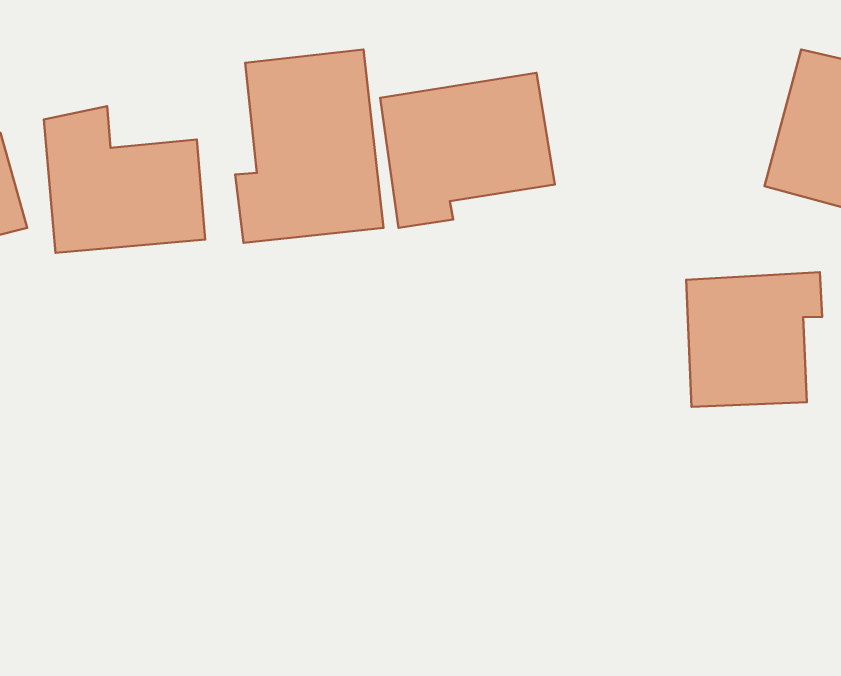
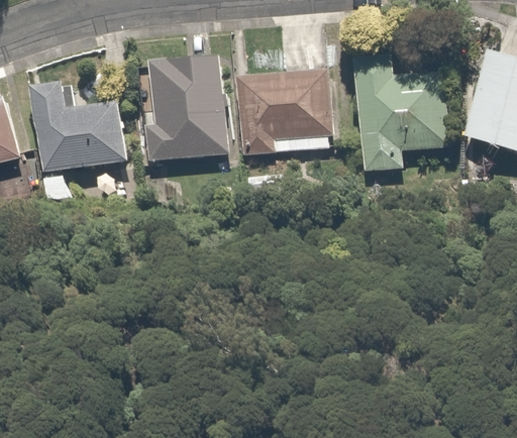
building: none -> [353,54,455,175]
building: [686,272,822,407] -> none

